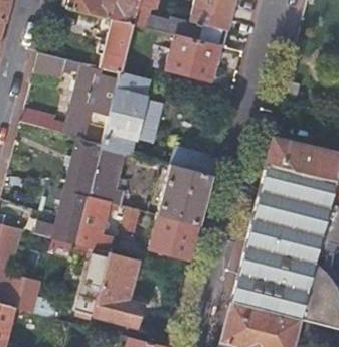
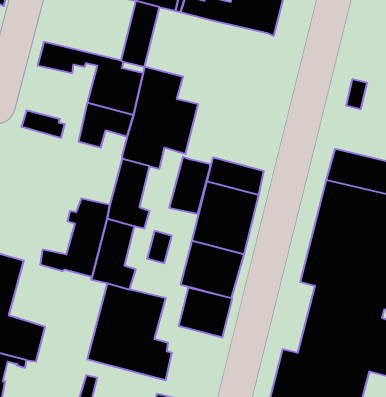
building: [167,36,219,81] -> none
building: [68,139,102,185] -> [169,157,210,214]
building: none -> [179,288,232,338]

